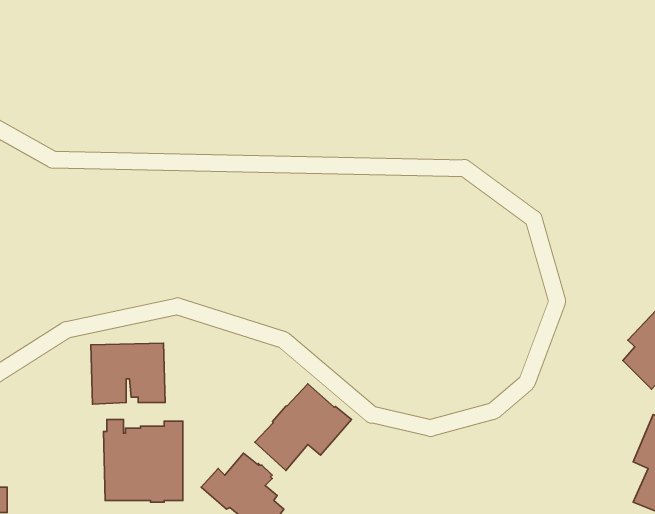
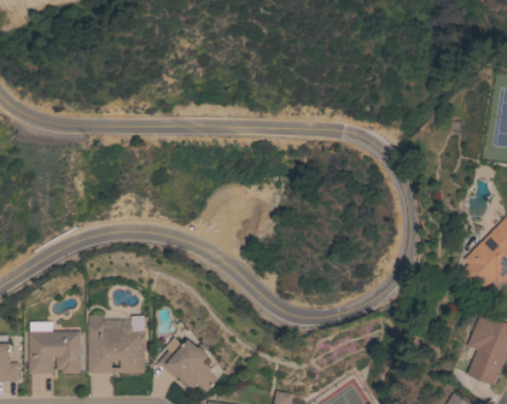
building: [91,343,165,404] -> [28,332,81,375]
building: [255,384,351,471] -> none

